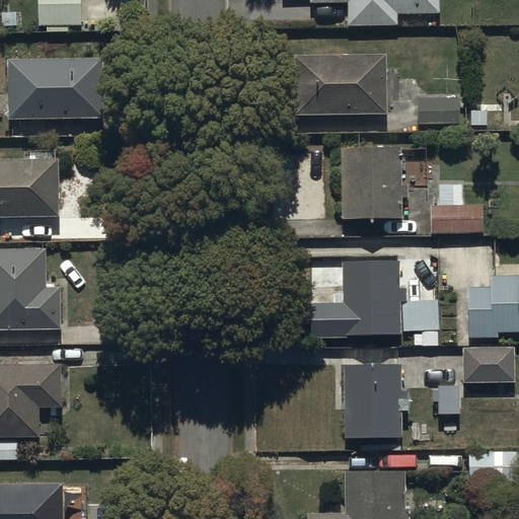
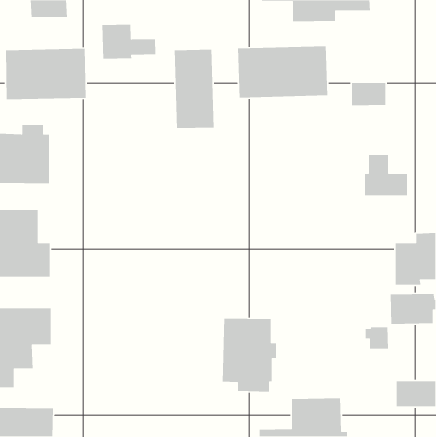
building: none -> [102,24,156,60]
building: none -> [174,49,214,129]
building: [340,145,406,219] -> none
building: [308,257,439,346] -> none
building: [343,363,407,451] -> [222,318,277,392]

